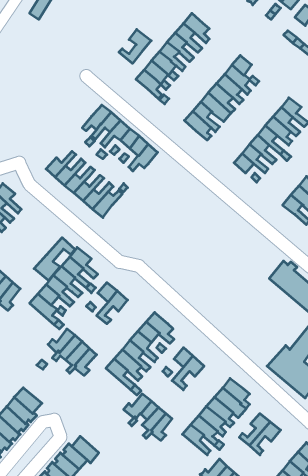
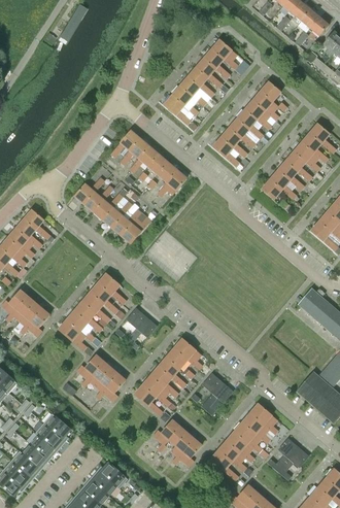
building: [119,29,151,63] -> none
building: [34,238,75,280] -> none

